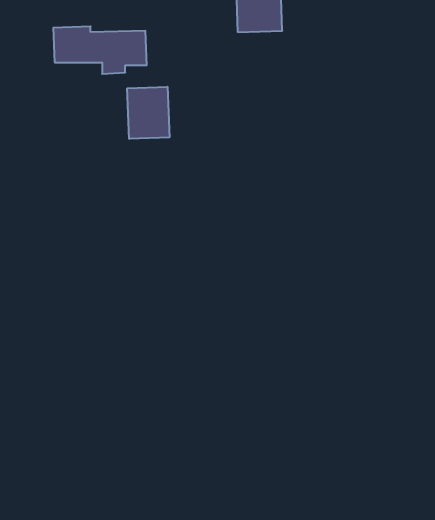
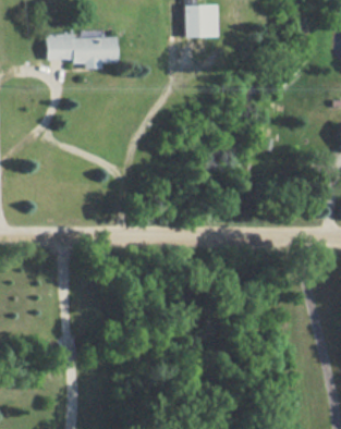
building: [127,87,169,139] -> none

